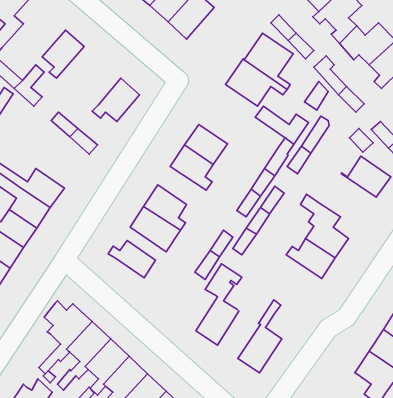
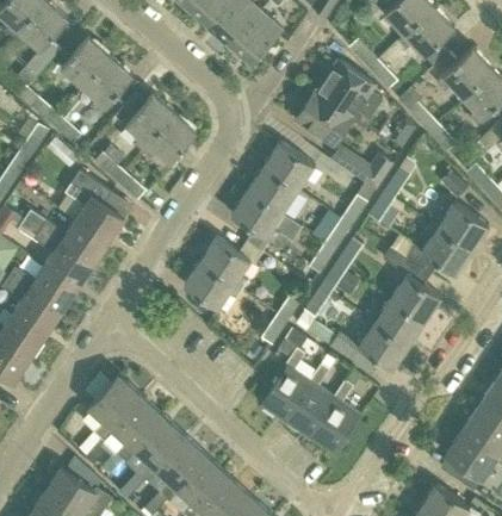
building: none -> [61,37,110,87]
building: none -> [116,93,174,150]
building: none -> [265,142,314,188]
building: none -> [64,169,124,240]
building: none -> [405,223,471,274]
building: [108,241,156,278] -> none
building: none -> [334,317,408,374]
building: none -> [286,363,336,437]

